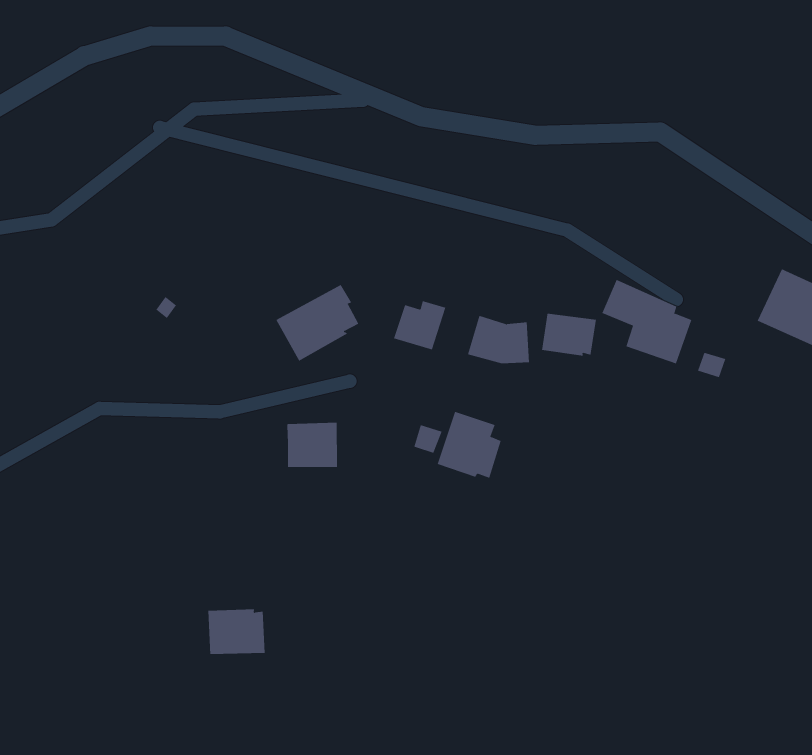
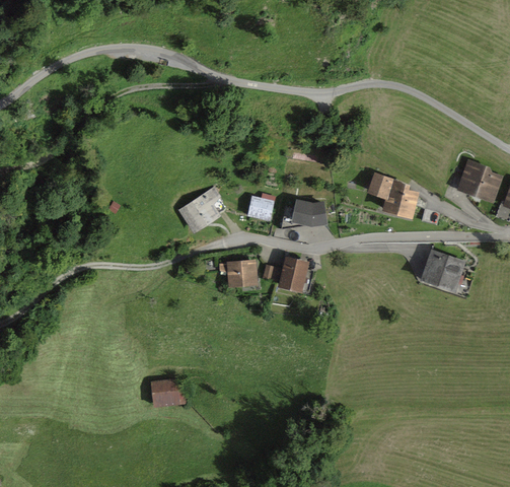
building: [541,313,596,357] -> none
building: none -> [420,249,465,292]
building: [287,422,338,468] -> [225,259,257,287]

